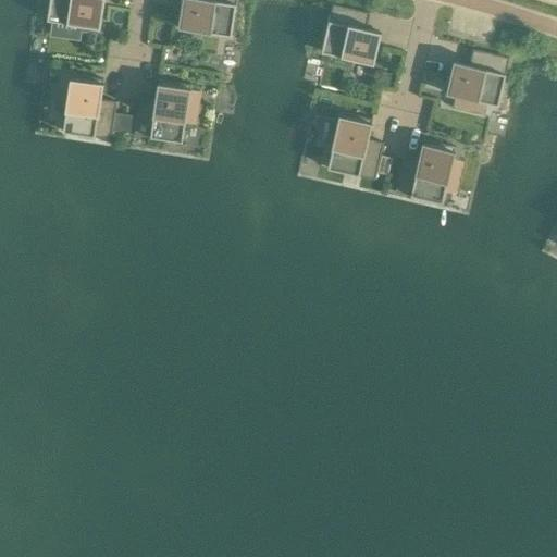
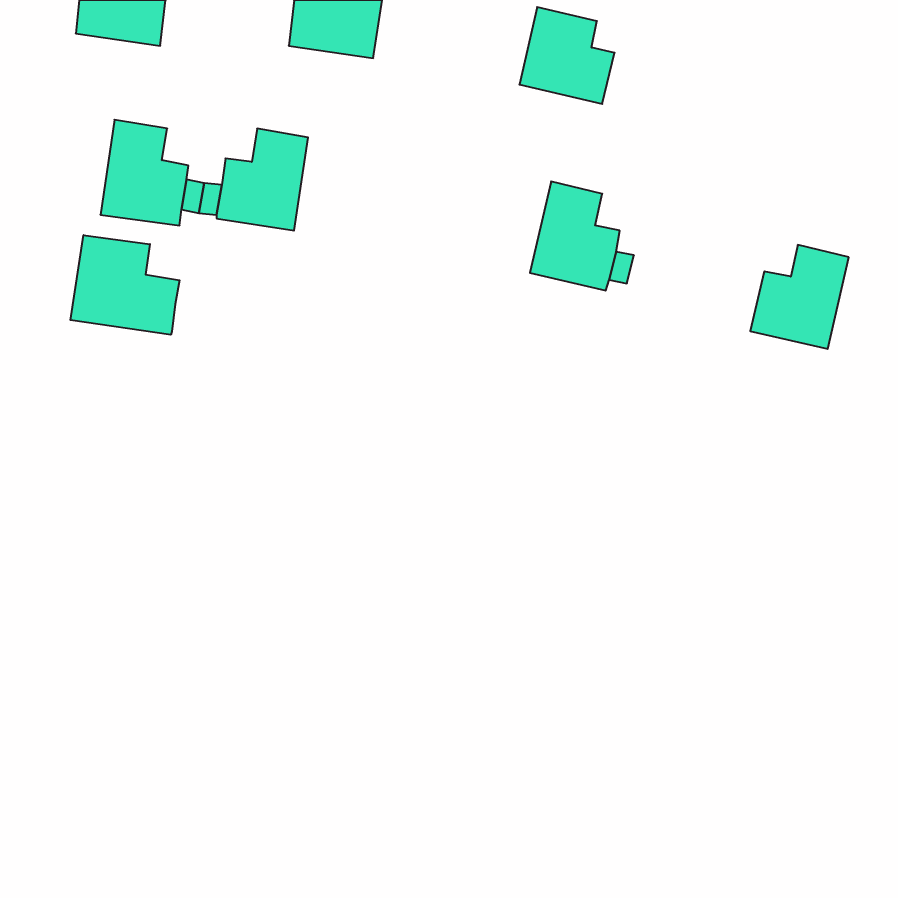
building: [446,51,509,107] -> none
building: [394,140,455,205] -> [750,245,849,349]
building: none -> [70,235,180,335]

